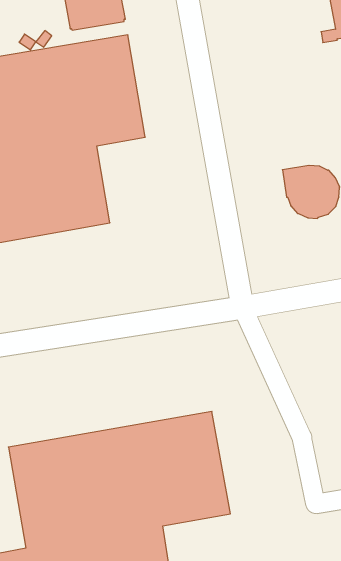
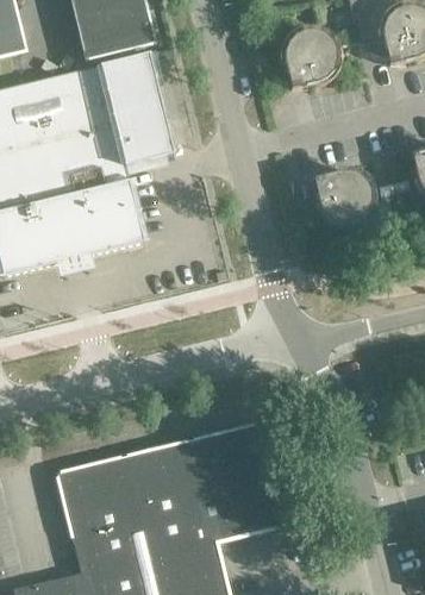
building: none -> [283,31,336,89]

